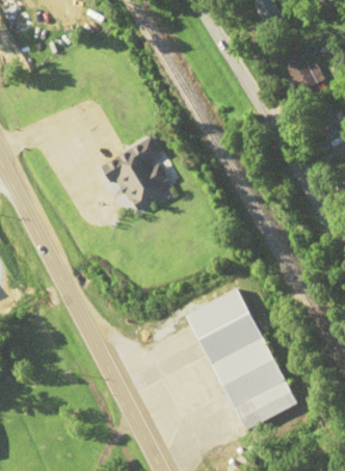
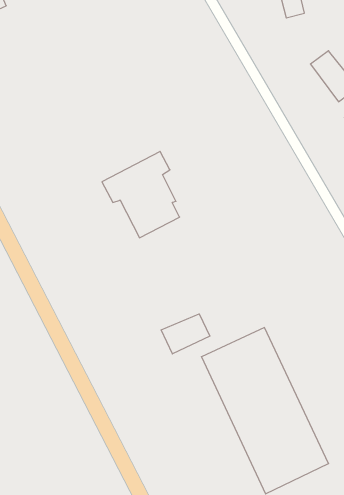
building: none -> [161,314,210,354]

